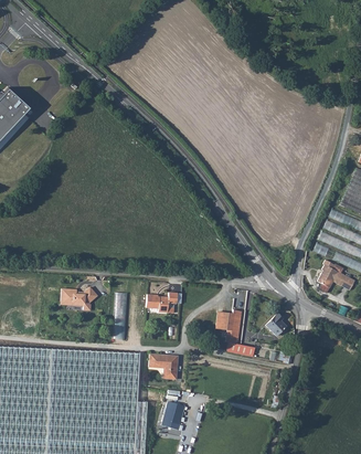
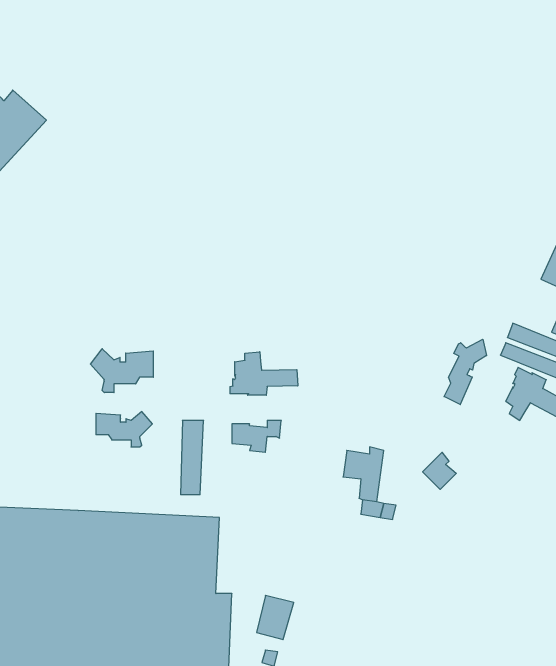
building: none -> [444,339,487,405]
building: none -> [90,349,153,393]
building: none -> [230,352,298,395]
building: [148,353,177,379] -> none

